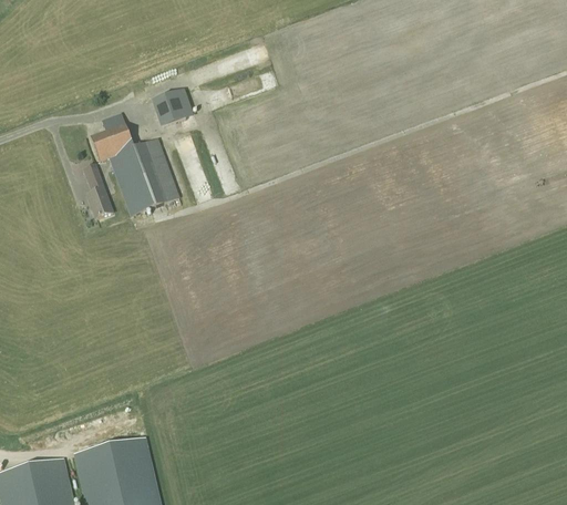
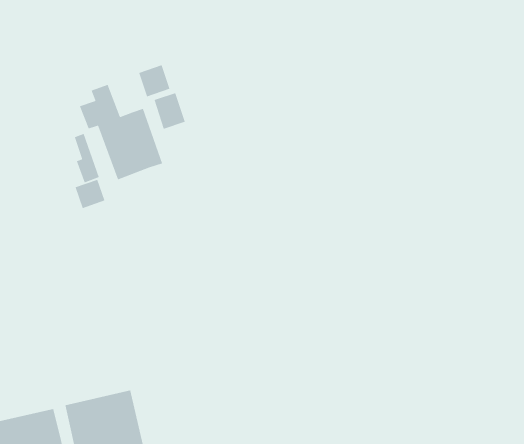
building: none -> [154,92,186,130]
building: none -> [75,179,105,209]

